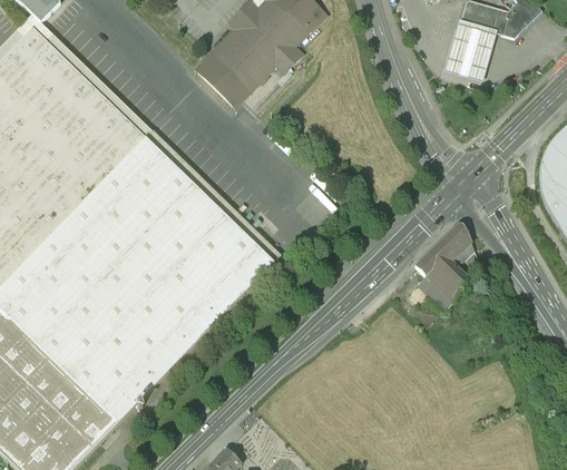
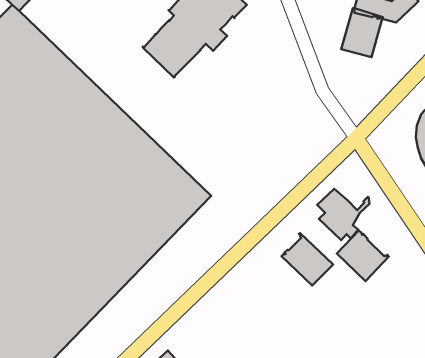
building: [434,223,470,260] -> none
building: none -> [337,230,389,281]
building: none -> [282,233,333,286]

